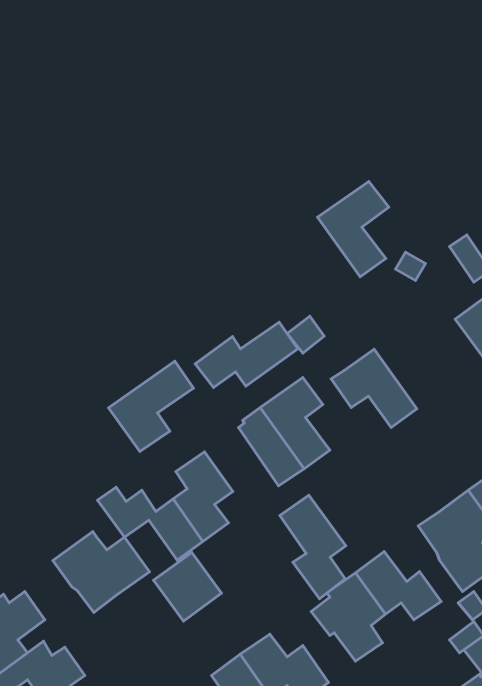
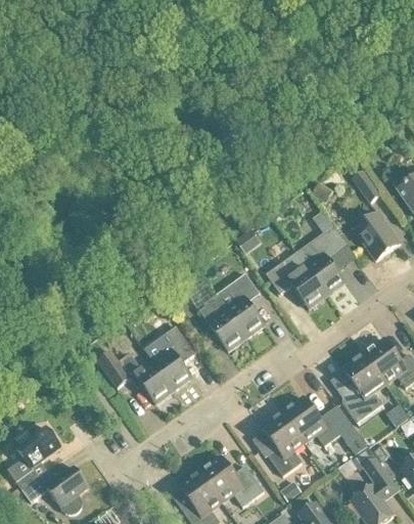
building: [318,181,389,277] -> [296,226,348,295]
building: [195,322,298,387] -> none
building: [108,361,194,451] -> none
building: [280,495,346,599] -> none
building: [53,532,149,612] -> none
building: [154,552,222,621] -> none

